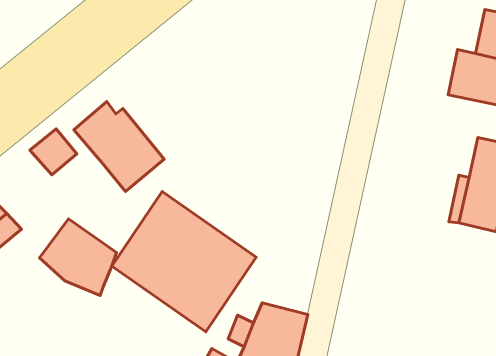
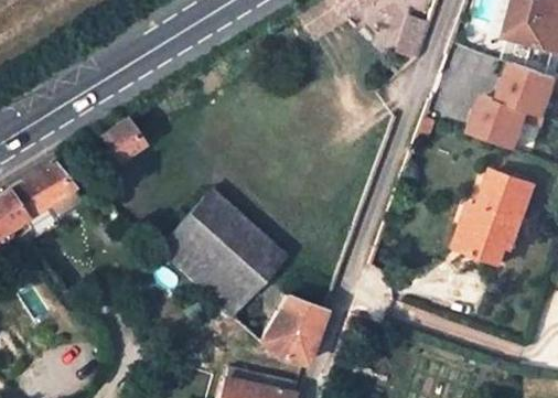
building: [74,101,164,191] -> none
building: [39,219,117,295] -> none

